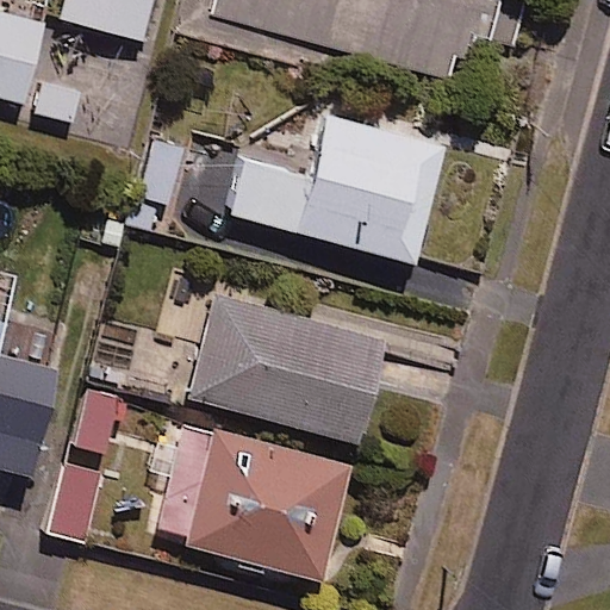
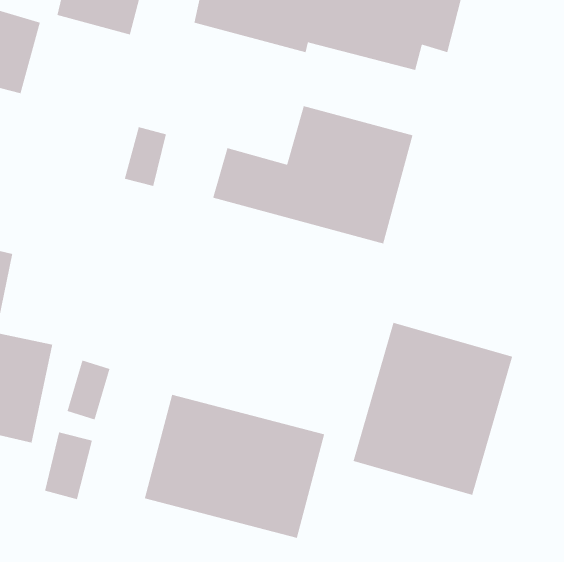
building: [189,295,387,444] -> none
building: none -> [353,322,513,496]

